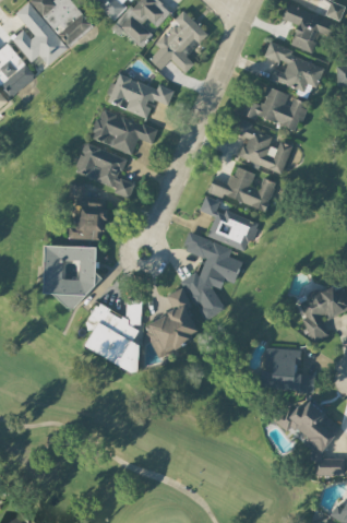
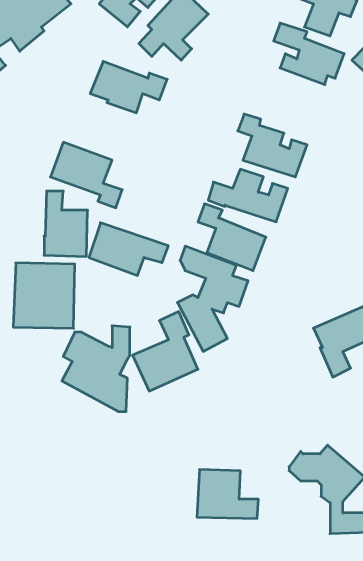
building: [241,87,308,131] -> none
building: [91,109,158,154] -> [89,223,168,275]
building: [263,348,315,390] -> [197,470,258,518]

